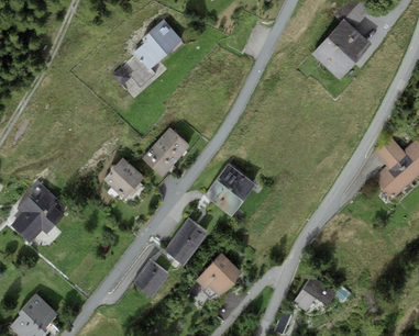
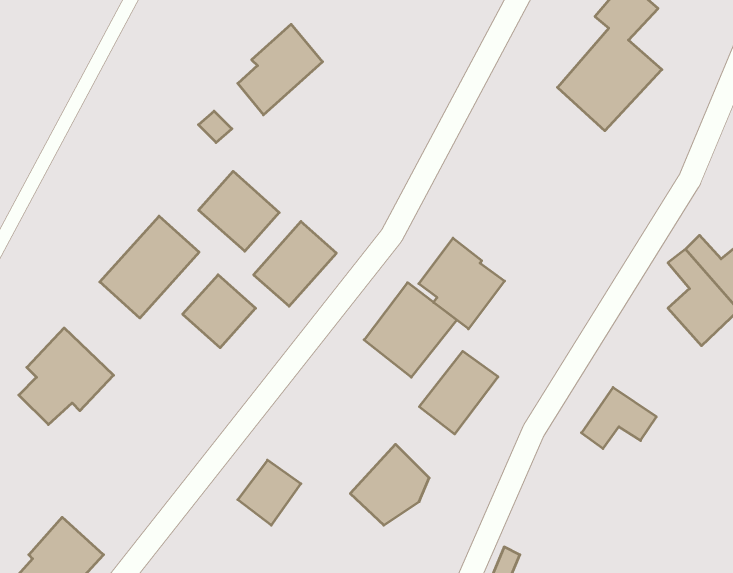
building: none -> [199,171,279,251]
building: none -> [100,216,199,318]
building: none -> [419,238,505,329]
building: [165,219,209,265] -> [419,351,498,434]
building: [294,276,335,310] -> [581,387,656,449]

